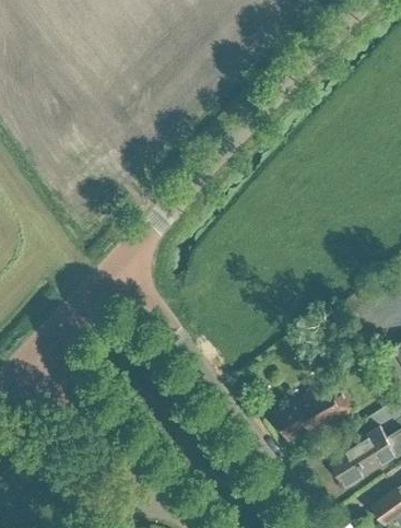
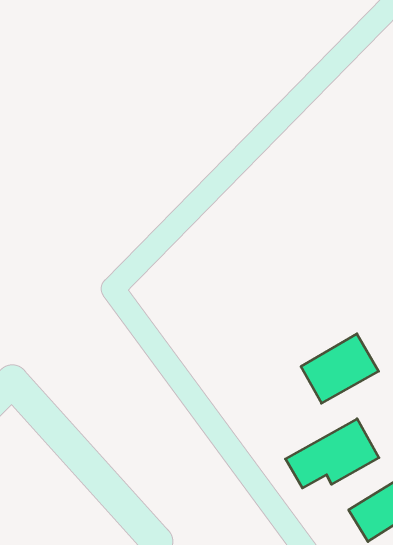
building: none -> [301,334,379,403]

